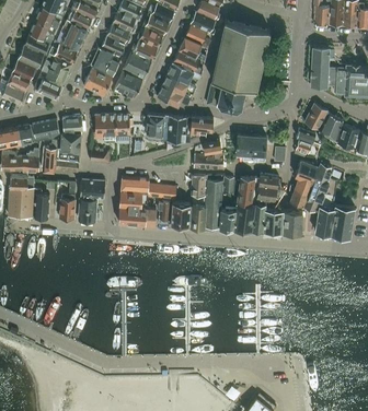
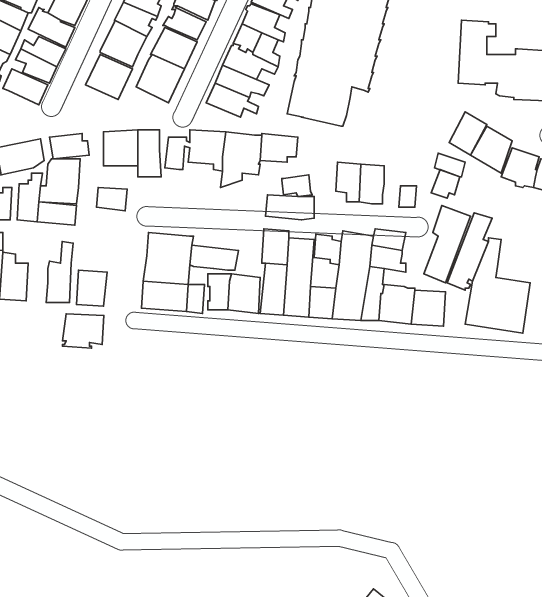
building: [79,180,104,201] -> [63,314,104,348]

